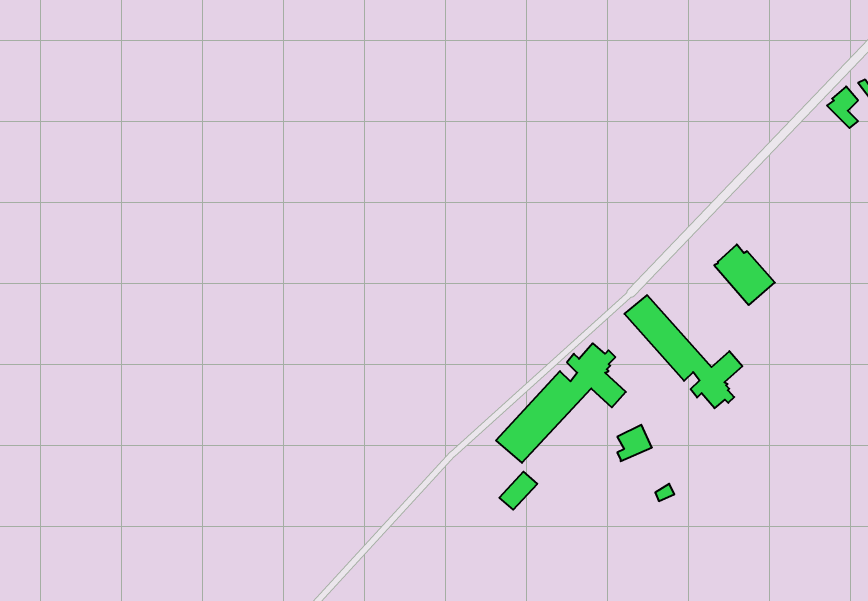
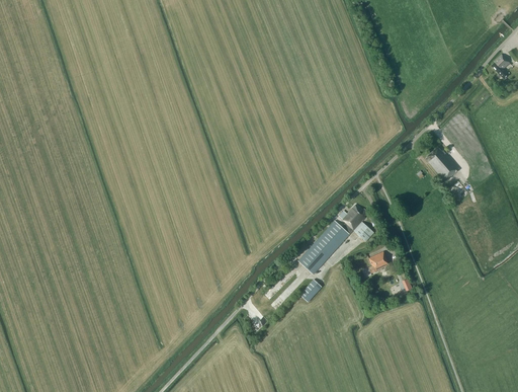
building: [624,295,742,408] -> none

